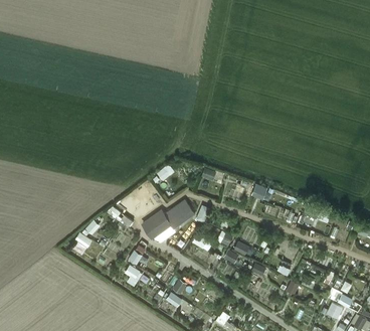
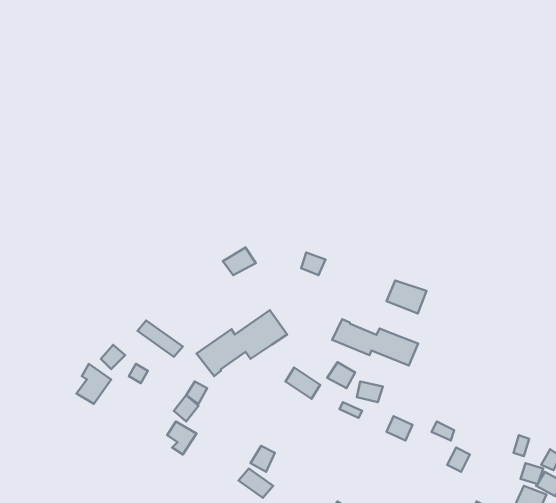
building: none -> [332,319,418,366]

